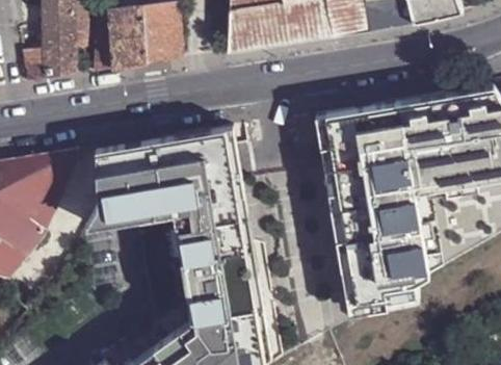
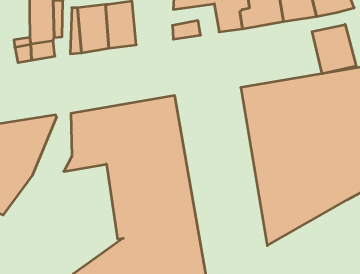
building: [227,6,287,47] -> none
building: none -> [312,24,356,74]

